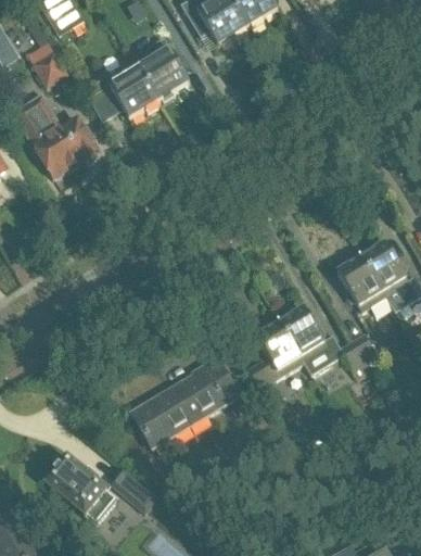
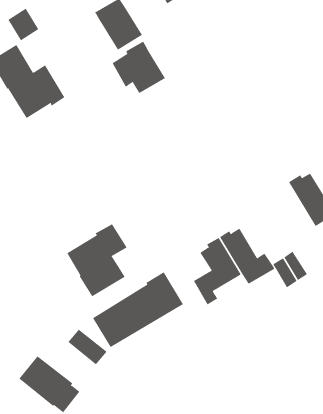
building: [97,56,160,118] -> [112,41,166,94]
building: [337,253,390,314] -> none
building: none -> [66,223,127,297]
building: [109,467,155,509] -> [67,329,107,365]

